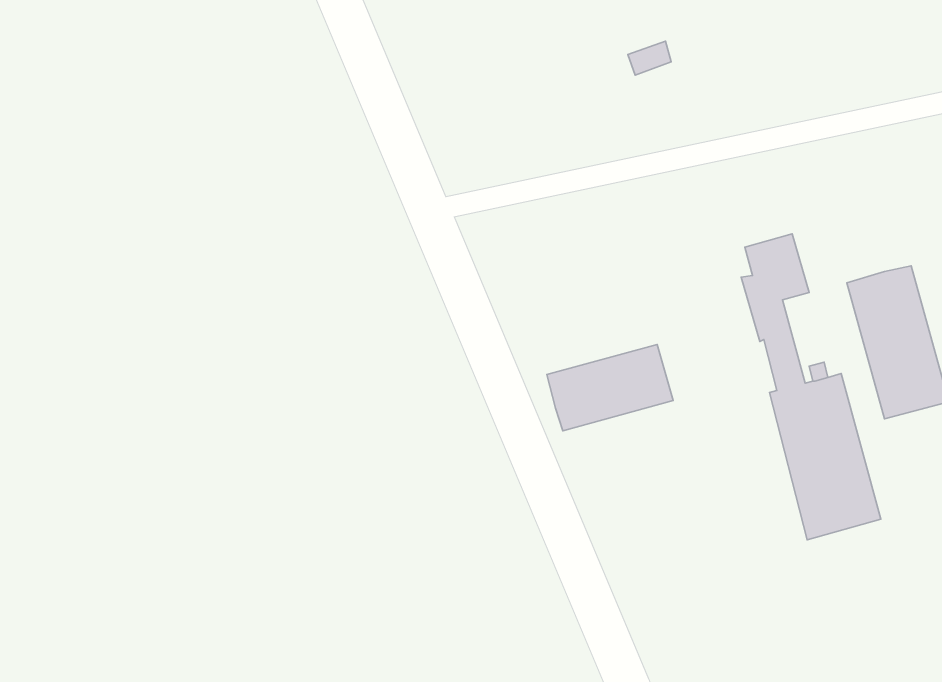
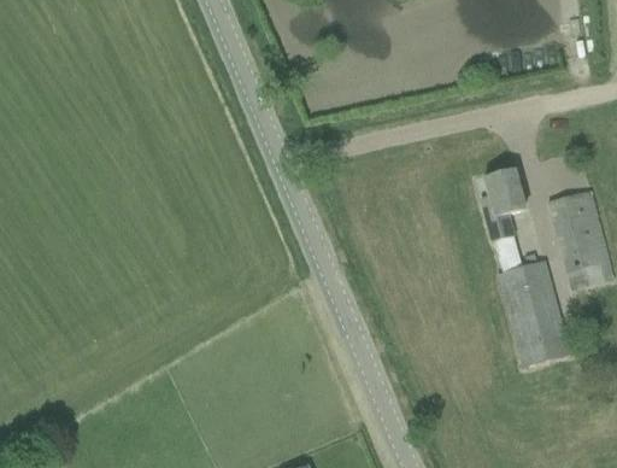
building: [547,345,673,431] -> none

